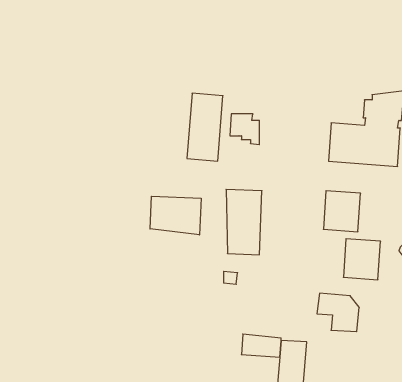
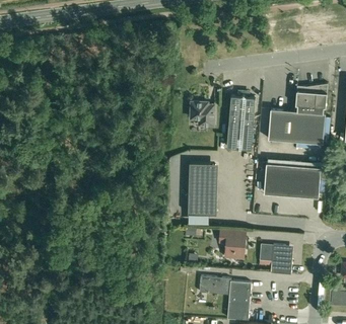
building: [187,93,223,161] -> [226,97,255,151]
building: [150,196,201,235] -> none
building: [343,239,381,280] -> [291,166,321,198]
building: none -> [218,231,246,260]

